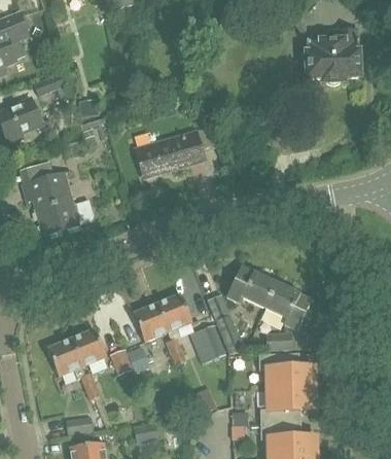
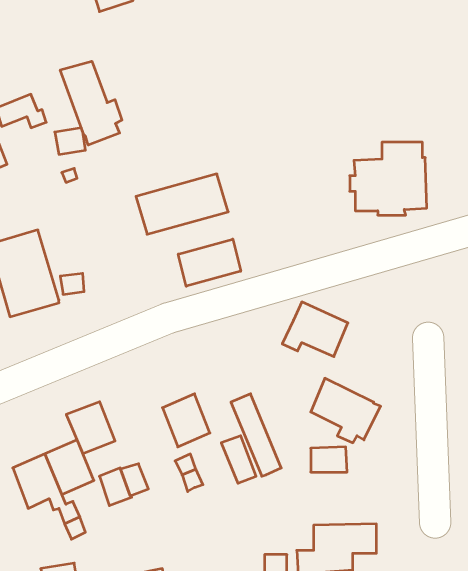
building: [300,27,357,80] -> [350,142,427,215]
building: none -> [60,61,122,145]
building: none -> [178,239,241,286]
building: [226,266,275,306] -> [282,302,348,357]
building: [131,303,167,341] -> [66,402,115,454]
building: [253,354,313,389] -> none

